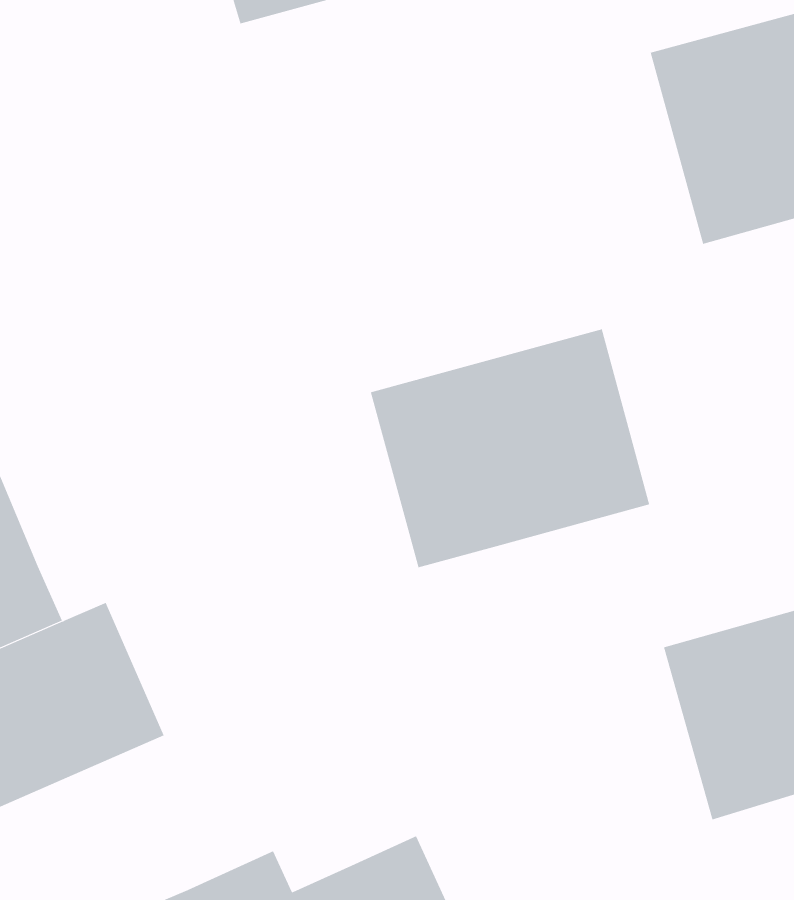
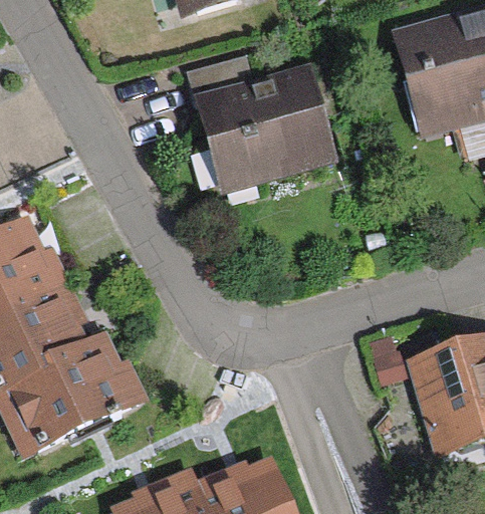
building: none -> [200,77,341,198]
building: [370,328,650,568] -> none

